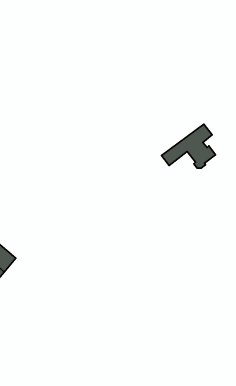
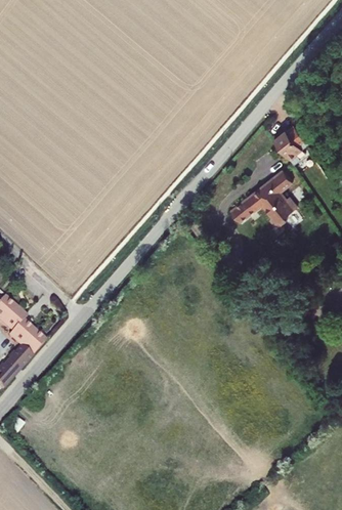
building: none -> [273,127,307,165]

